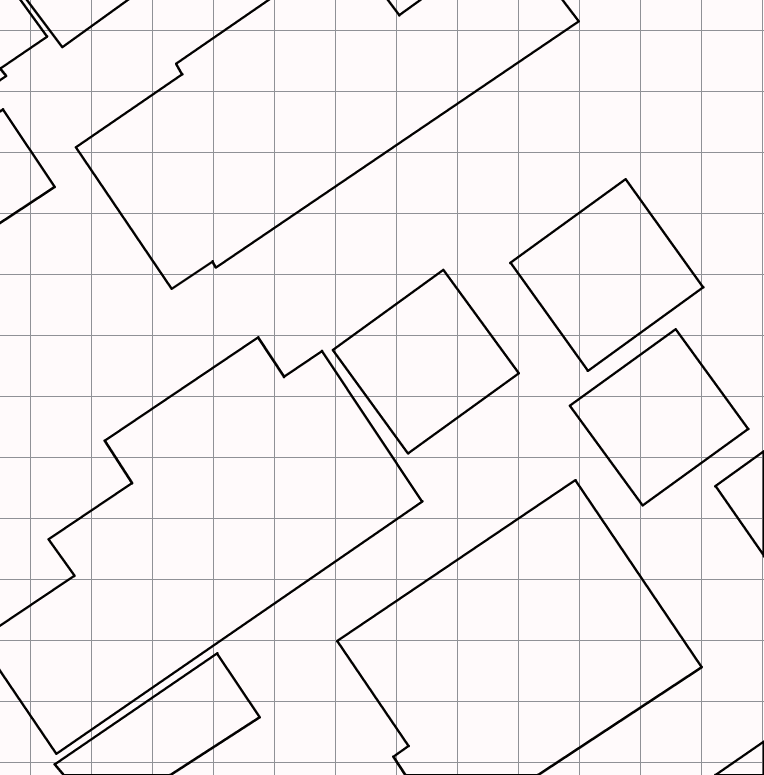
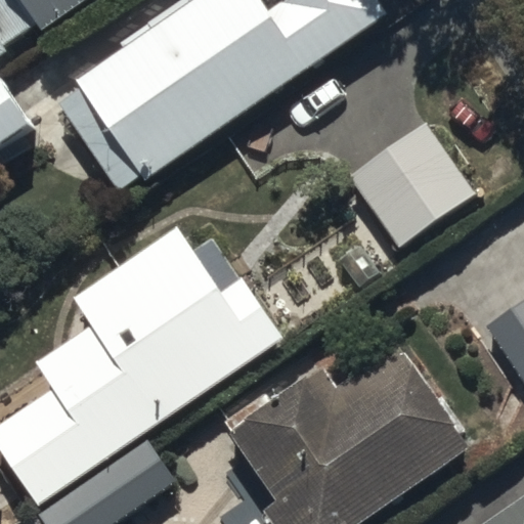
building: [333,270,519,453] -> none
building: [570,329,748,505] -> none

